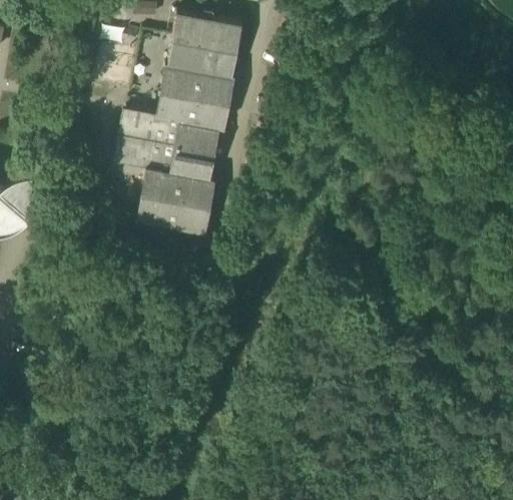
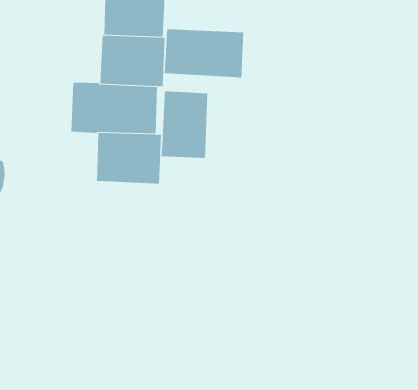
building: none -> [164,28,244,78]
building: none -> [161,90,208,159]

